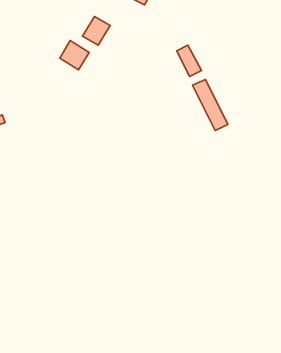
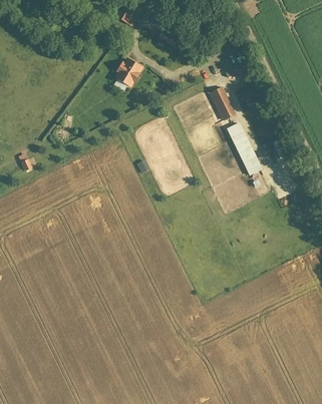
building: [60,41,89,70] -> none

